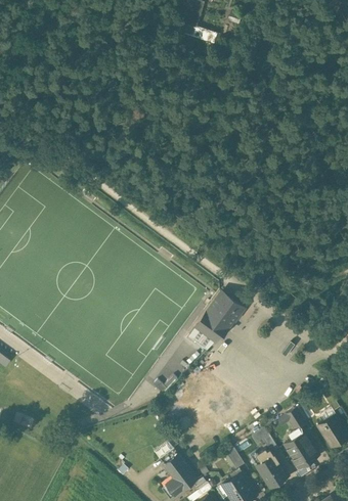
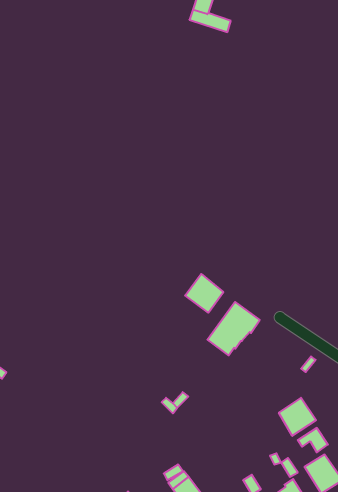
building: none -> [185,274,223,313]
building: none -> [279,398,316,436]

